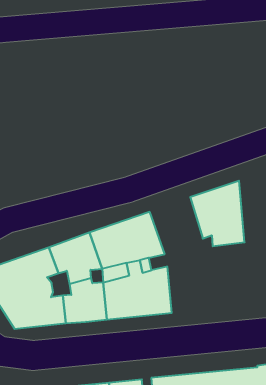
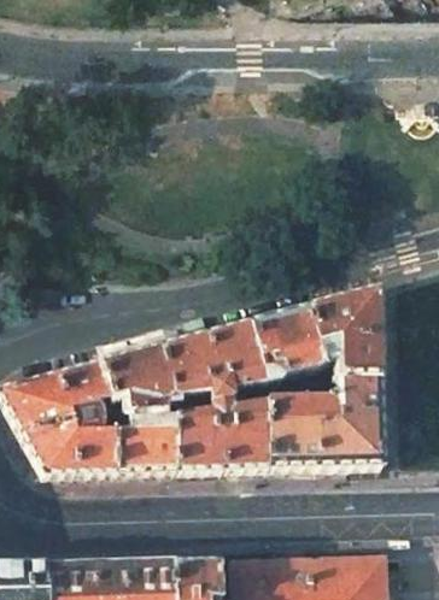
building: none -> [246,305,318,383]
building: none -> [265,375,380,467]

